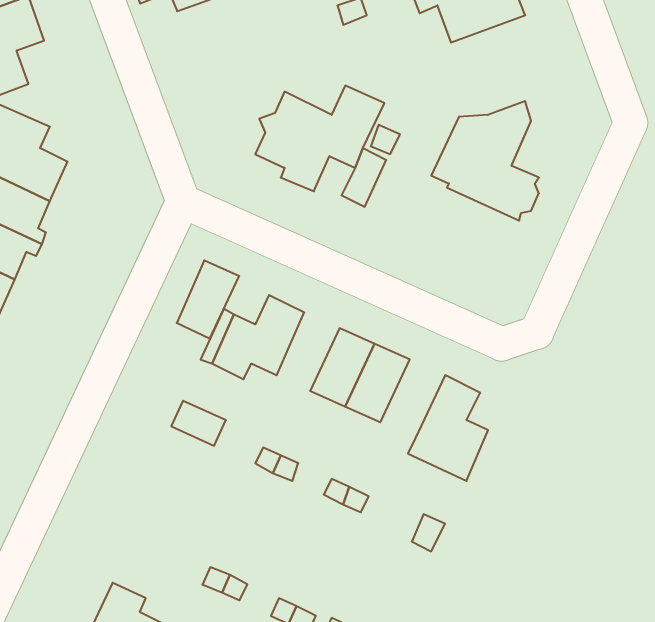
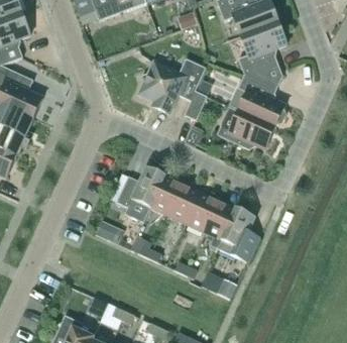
building: none -> [237,21,285,74]
building: none -> [215,110,274,148]
building: [177,260,239,339] -> [149,175,182,215]
building: none -> [203,199,236,239]

